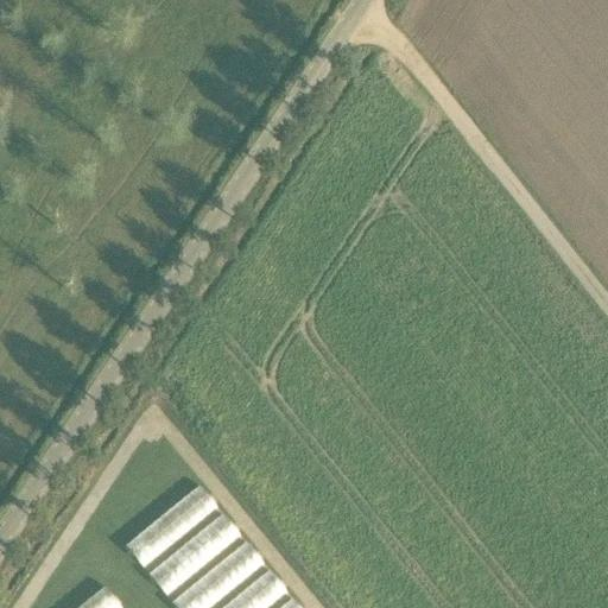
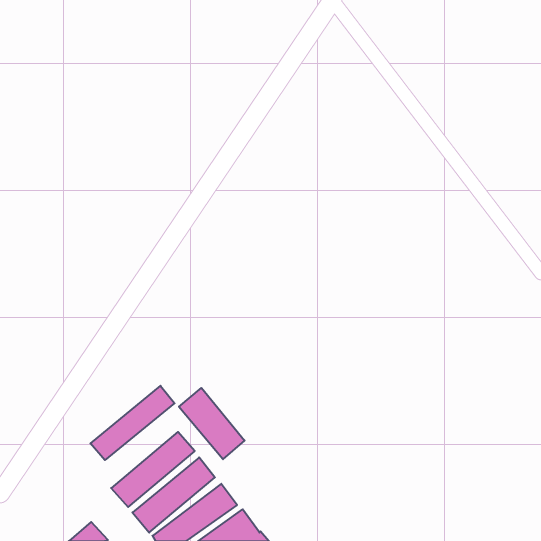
building: none -> [90,386,175,460]
building: none -> [179,388,245,459]

